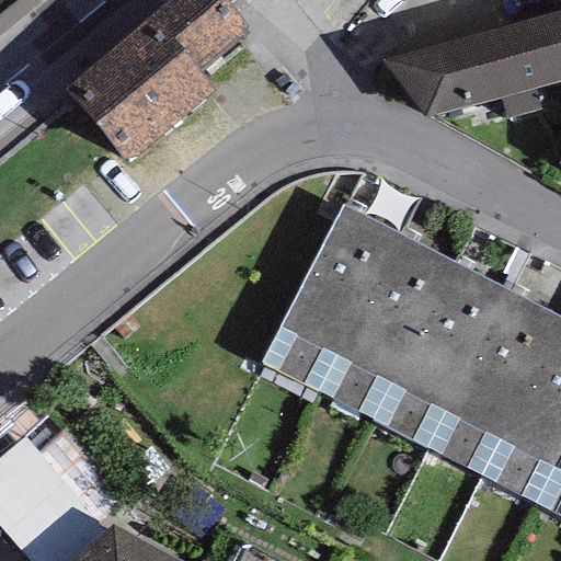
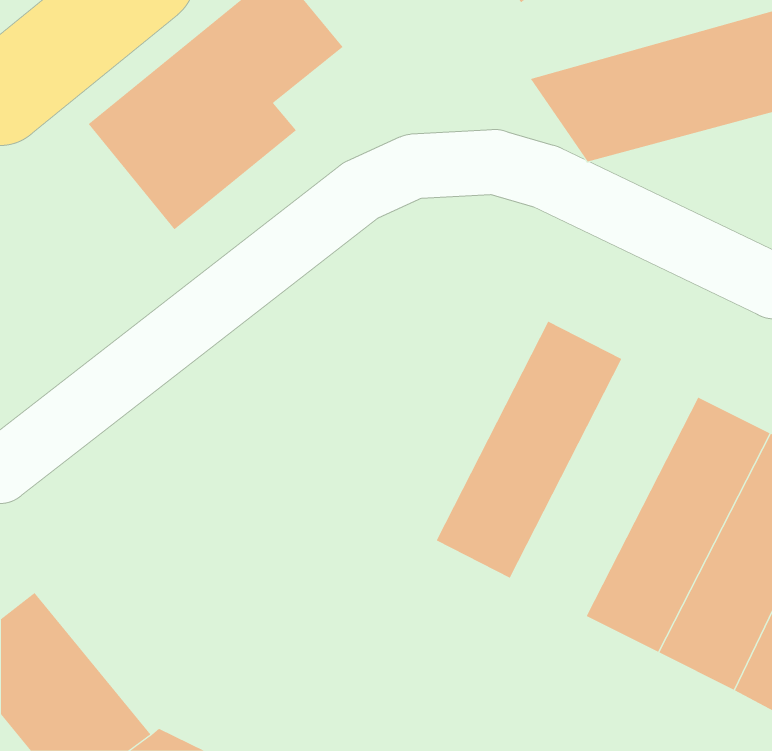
building: [261,204,398,391] -> none
building: [370,260,506,446] -> none

